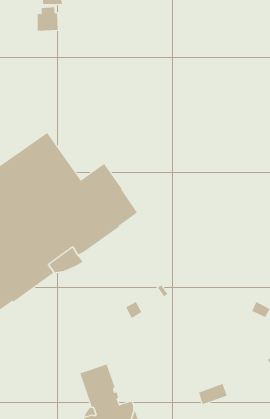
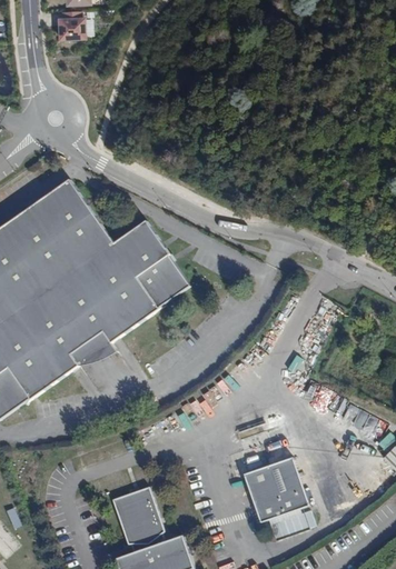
building: none -> [244,457,309,522]

